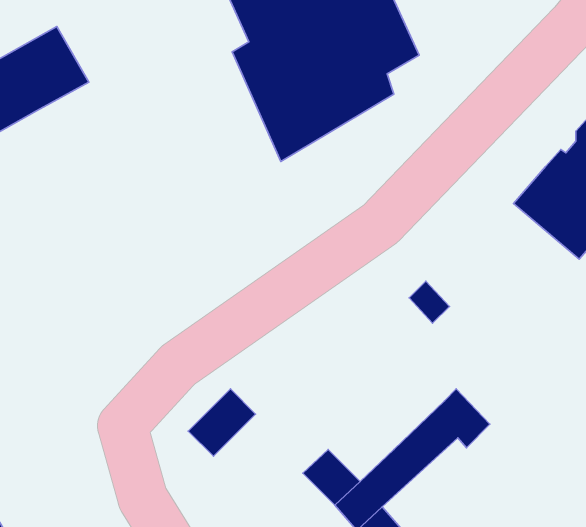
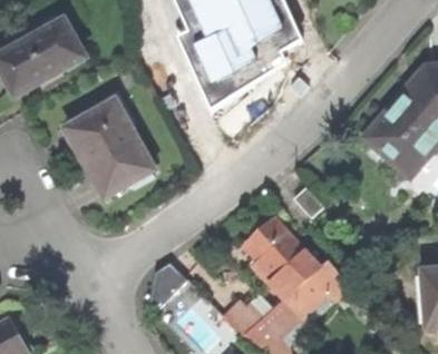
building: none -> [64,89,152,196]
building: none -> [245,217,319,298]

